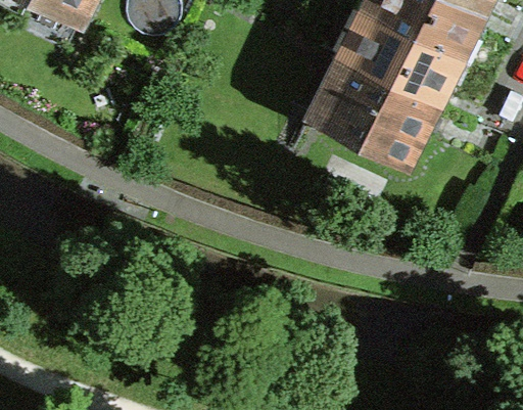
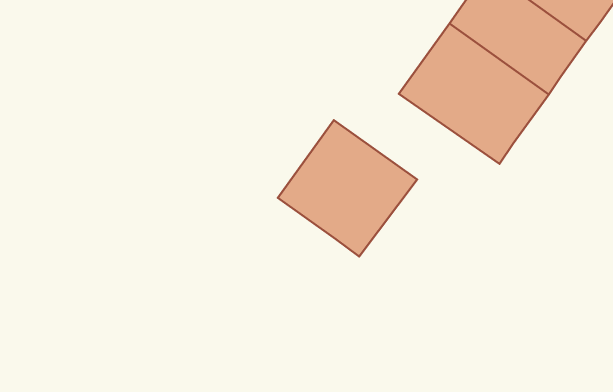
building: none -> [278,120,417,257]

